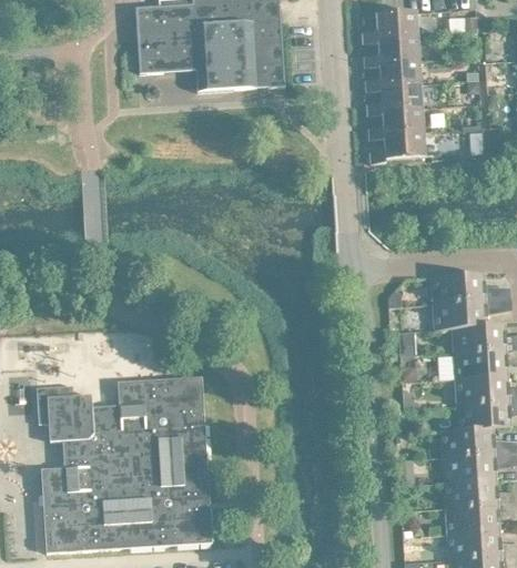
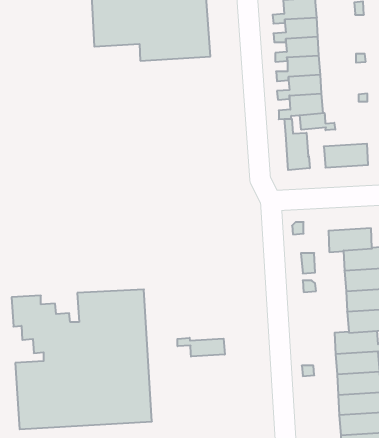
building: none -> [300,113,335,130]
building: none -> [284,119,310,170]
building: [430,273,486,303] -> [324,144,368,168]
building: none -> [177,338,225,357]

